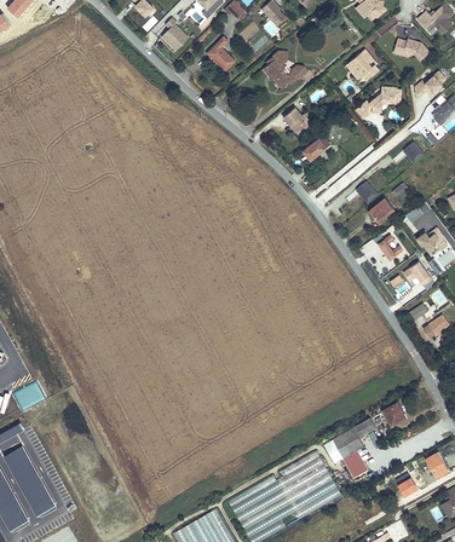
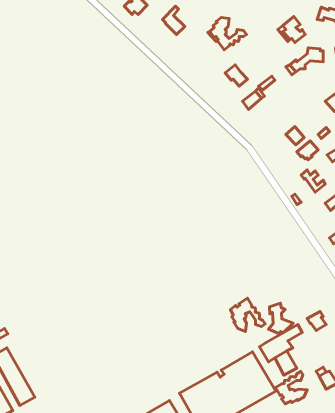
building: none -> [230,298,265,332]
building: none -> [269,303,293,333]
building: none -> [275,371,307,404]

